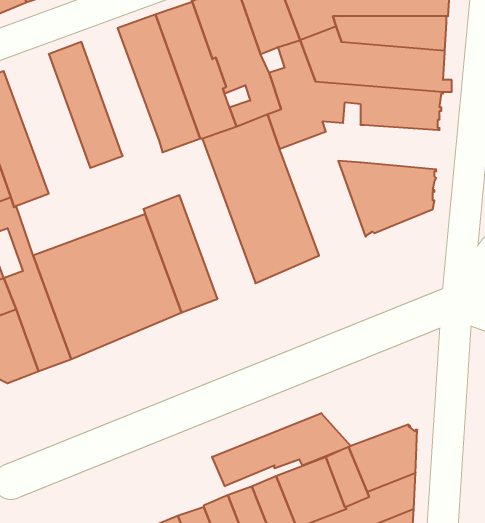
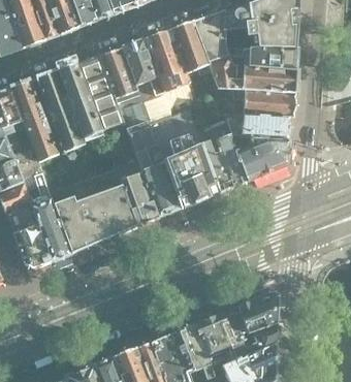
building: none -> [77,55,124,129]
building: none -> [36,70,85,152]
building: none -> [245,113,291,139]
building: none -> [196,117,248,191]
building: none -> [126,121,182,217]
building: [212,413,351,486] -> none

